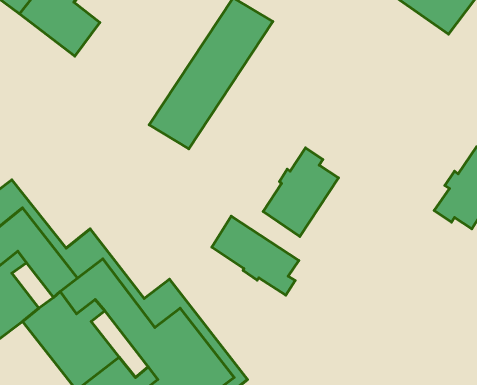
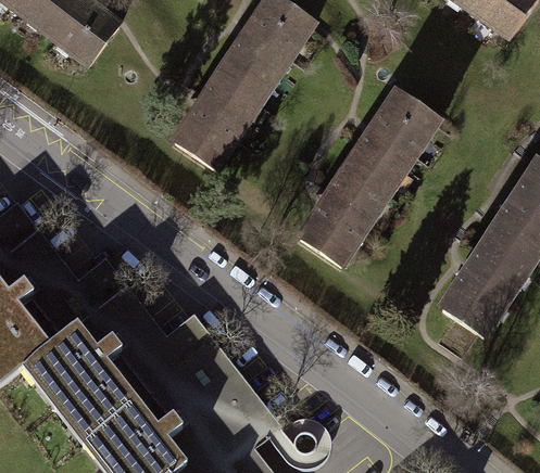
building: none -> [346,95,436,202]
building: none -> [441,239,532,337]
building: [212,216,299,295] -> none

